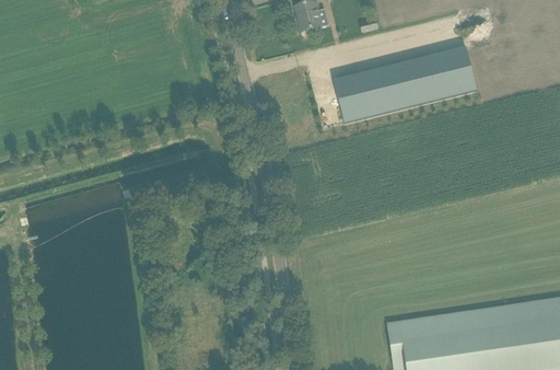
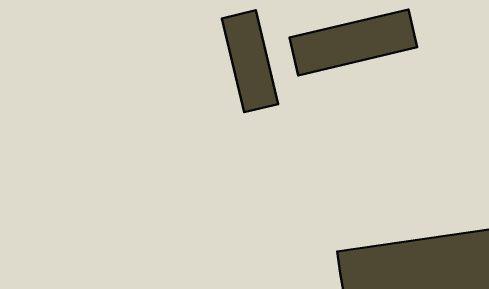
building: none -> [222,10,278,112]

